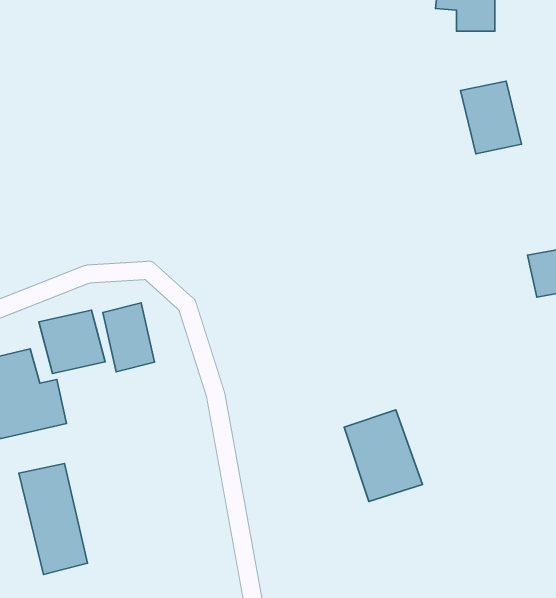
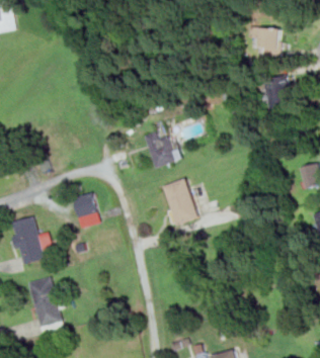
building: none -> [143,130,178,169]
building: [39,310,105,373] -> none
building: [344,410,422,502] -> [158,178,199,227]

